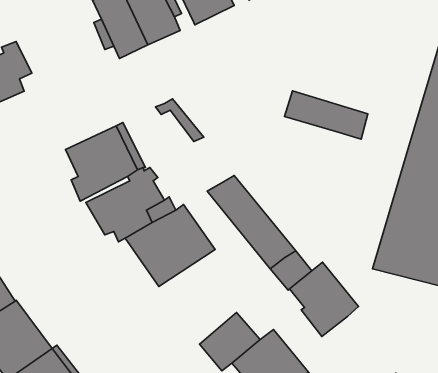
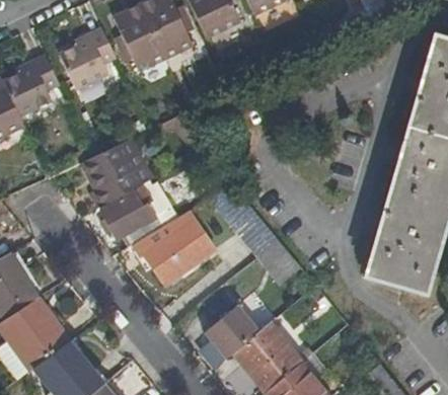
building: none -> [54,37,109,97]
building: [284,91,368,139] -> none
building: [290,262,358,337] -> none

